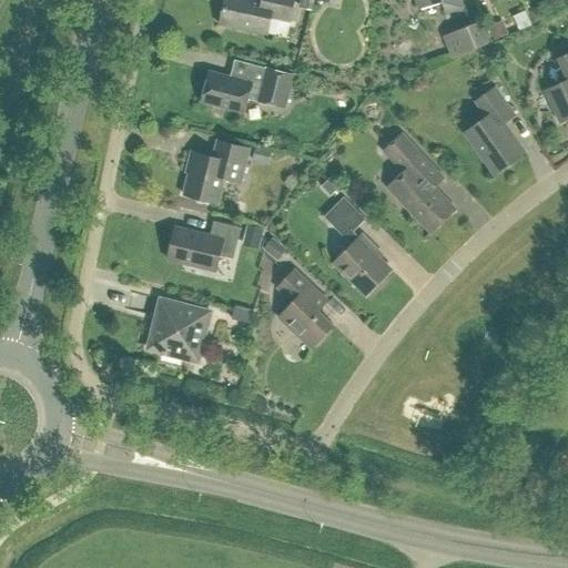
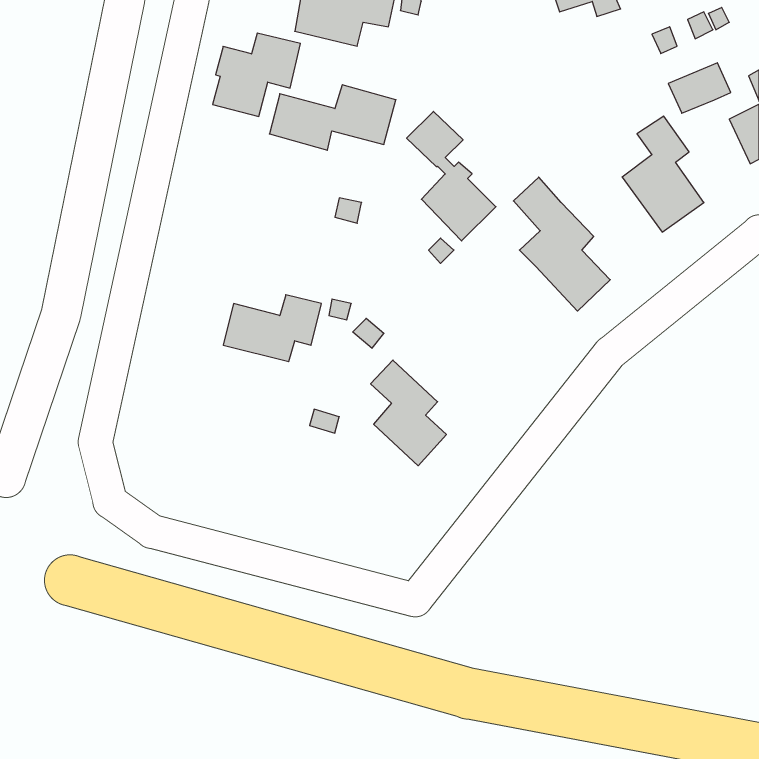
building: [443,20,489,58] -> [668,63,731,113]
building: [183,140,248,202] -> [213,33,300,116]
building: [323,196,389,293] -> [407,111,496,241]
building: [148,297,210,361] -> none

